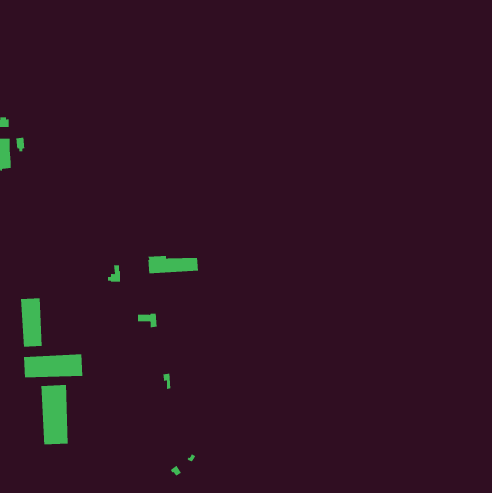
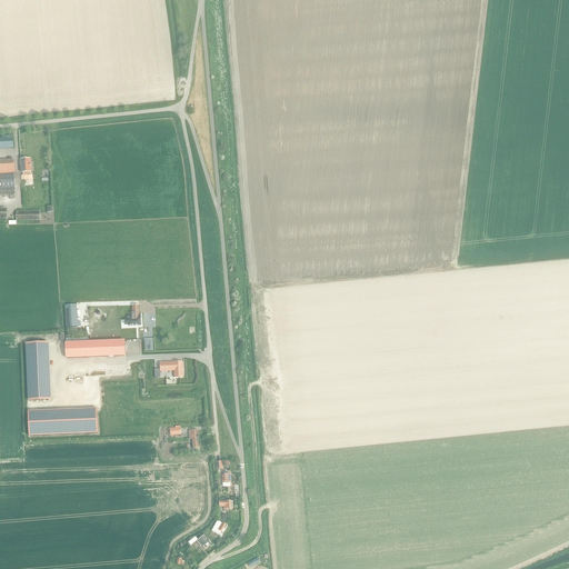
building: [148,255,199,274] -> [63,337,122,358]
building: [41,384,68,445] -> none

